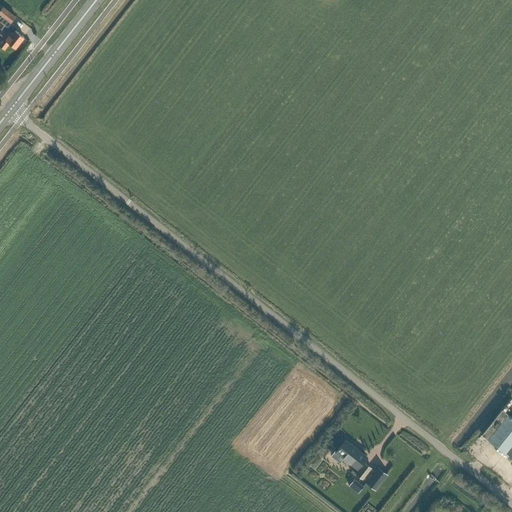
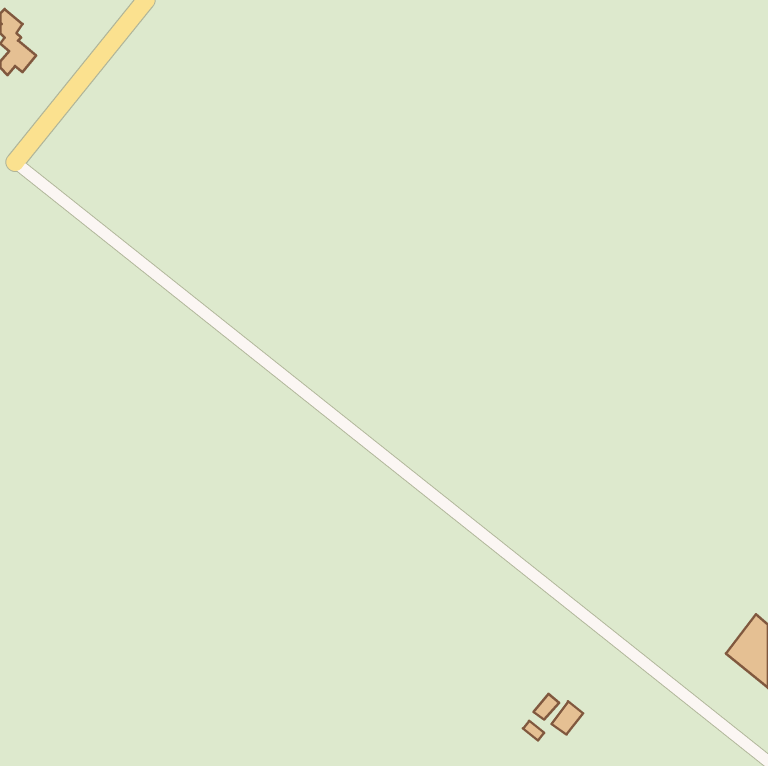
building: [331,441,366,469] -> none

